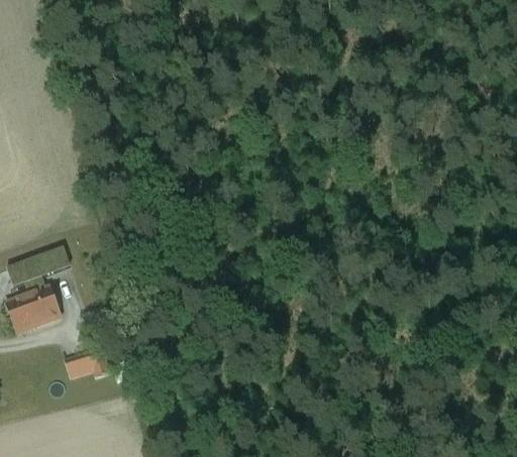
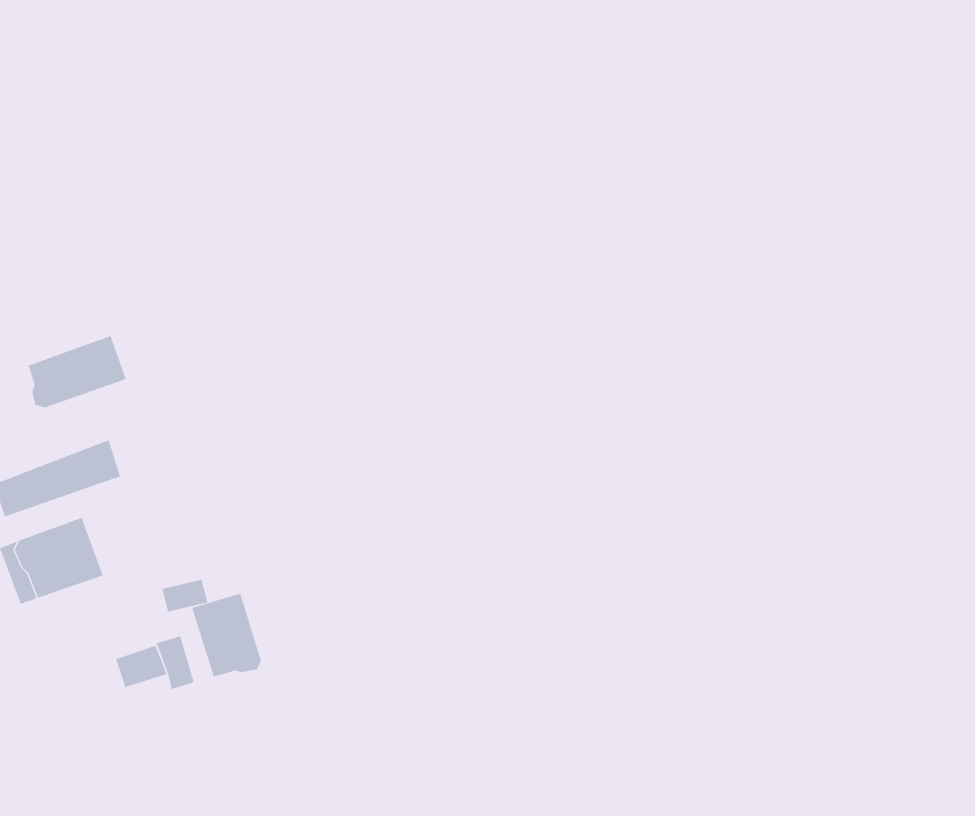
building: none -> [28,335,126,408]
building: none -> [191,593,261,677]

